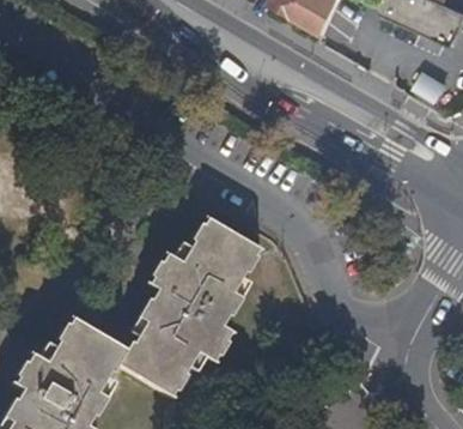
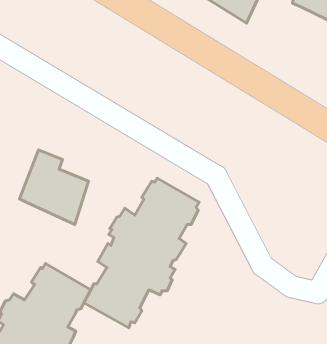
building: none -> [19,150,88,224]

